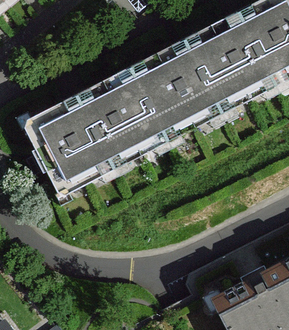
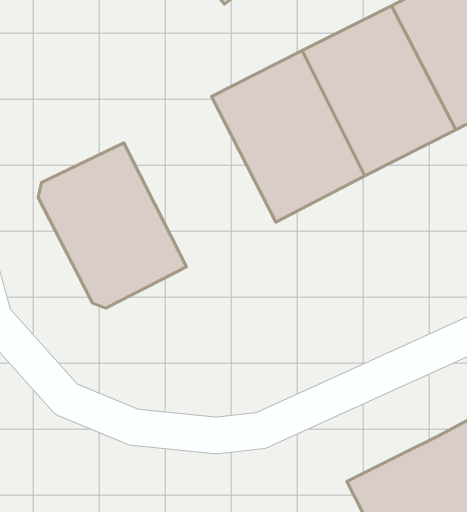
building: [76,66,168,169] -> none

